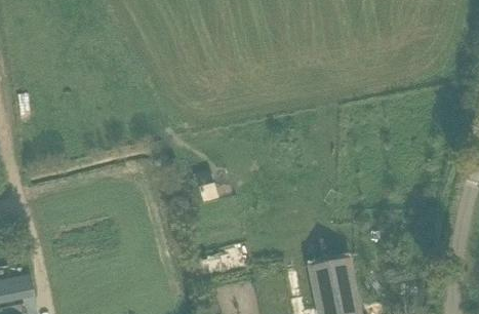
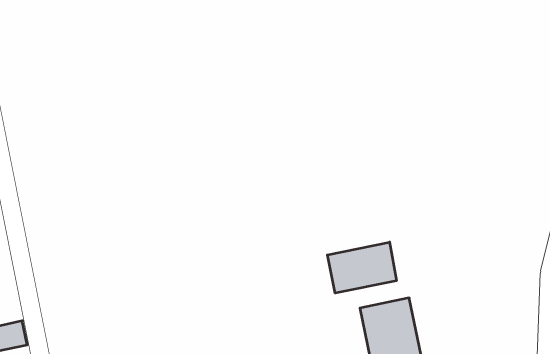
building: none -> [327,242,396,293]

